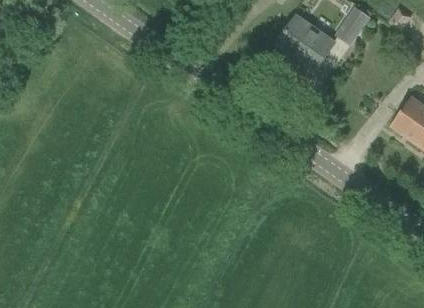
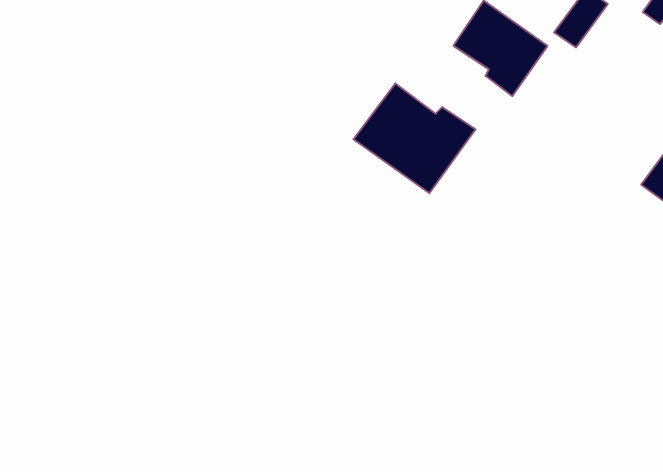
building: none -> [353,83,475,193]

